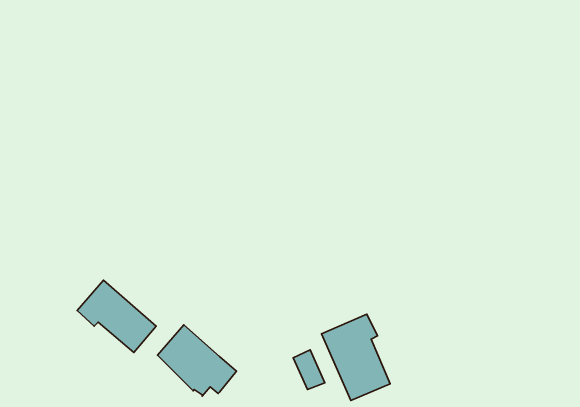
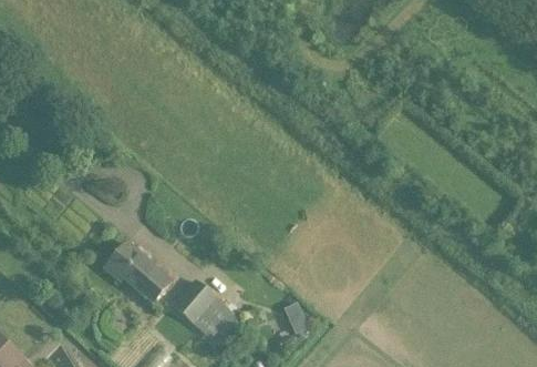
building: [321,314,390,401] -> none

